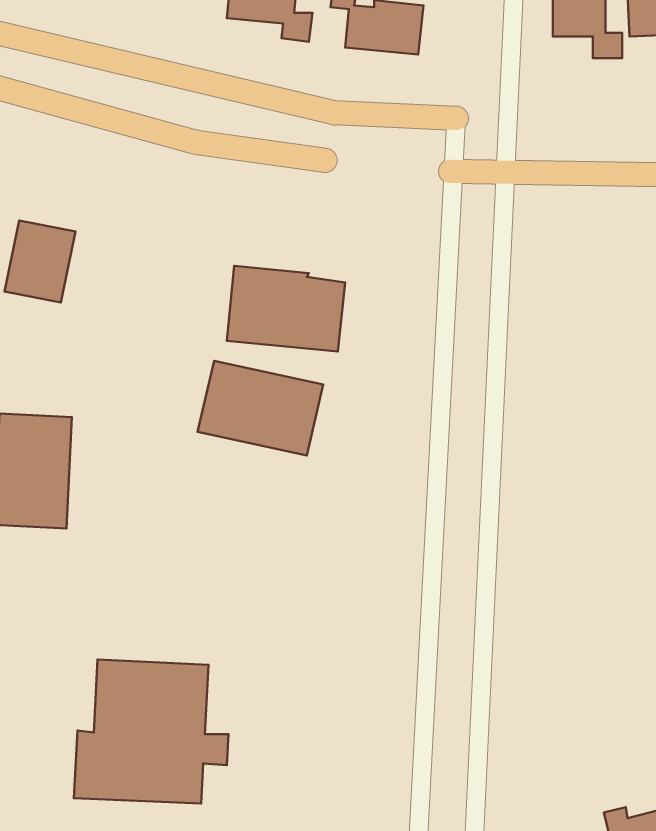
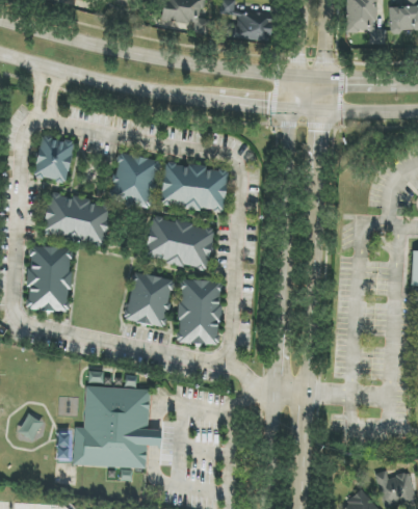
building: none -> [108,152,160,210]
building: none -> [43,193,110,244]
building: none -> [125,272,174,327]
building: none -> [177,279,221,345]

